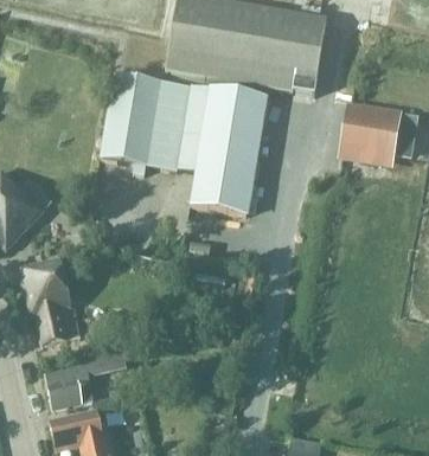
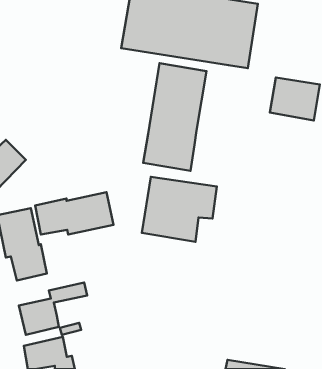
building: [101,72,211,173] -> none
building: none -> [142,177,217,242]
building: none -> [35,192,114,235]

